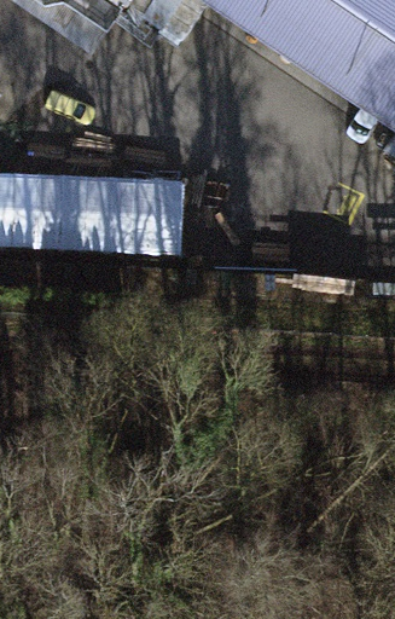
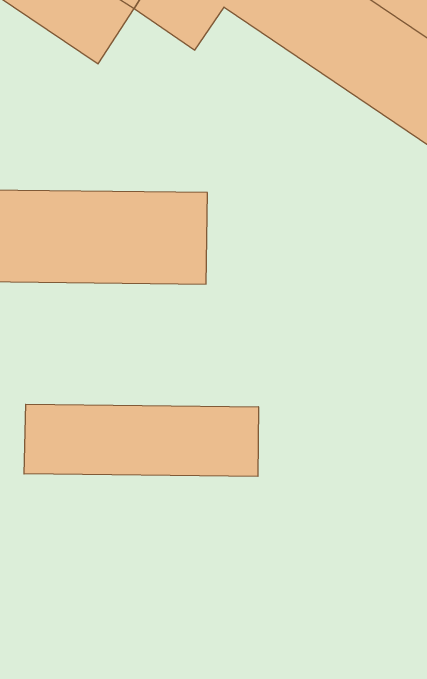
building: none -> [24,404,258,476]

